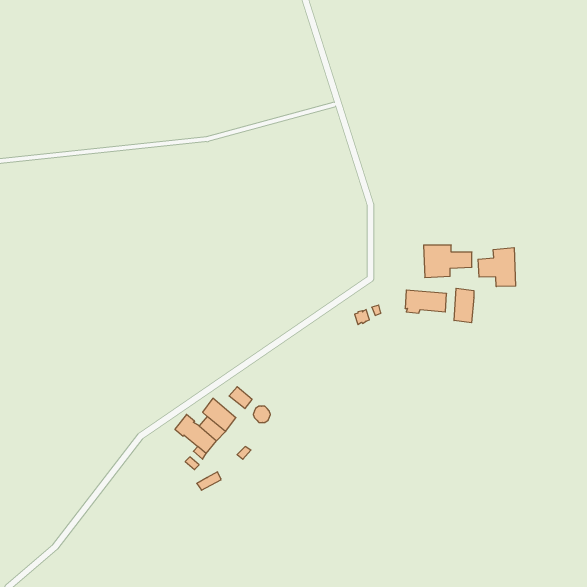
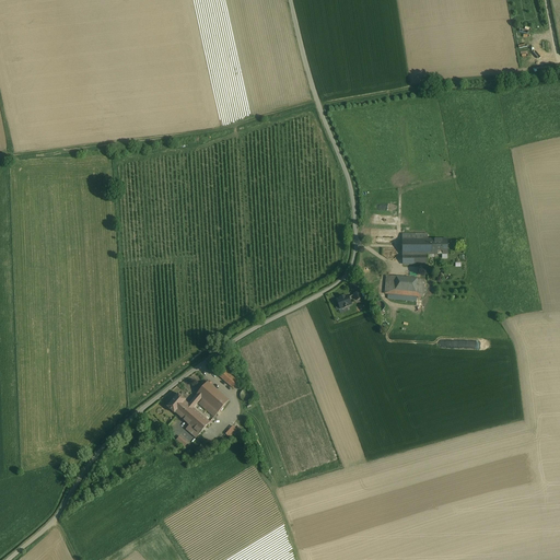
building: [478,248,516,287] -> none
building: [454,288,474,323] -> none

